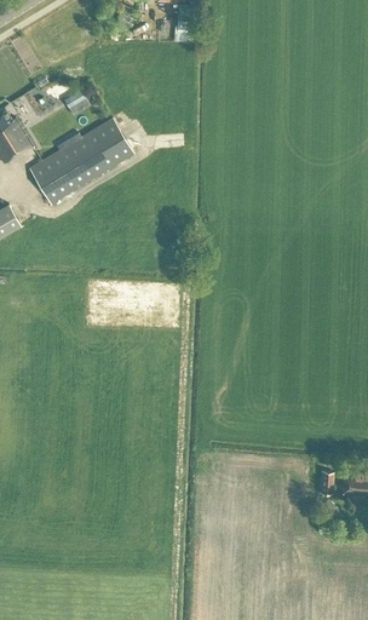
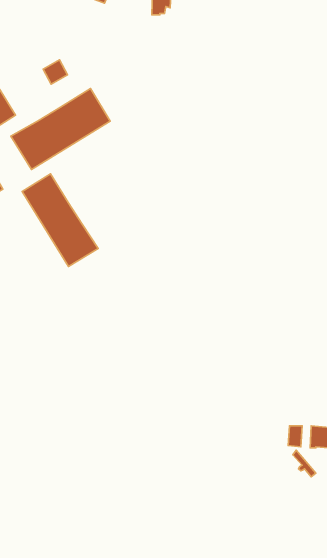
building: none -> [22,174,98,267]

